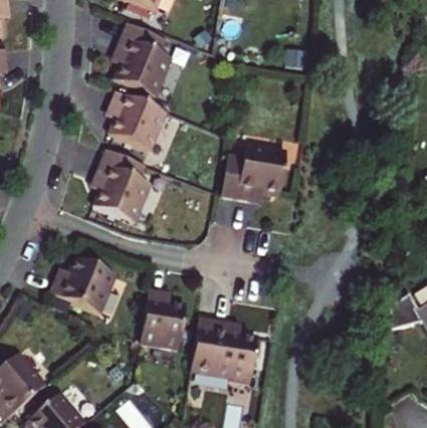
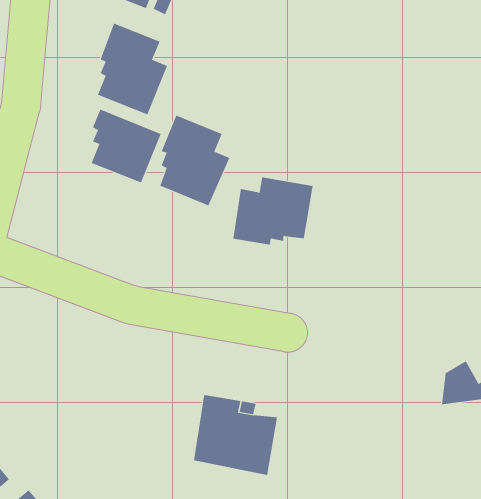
building: [94,150,151,222] -> [159,115,230,206]
building: [51,257,117,312] -> none
building: [141,290,186,349] -> none

